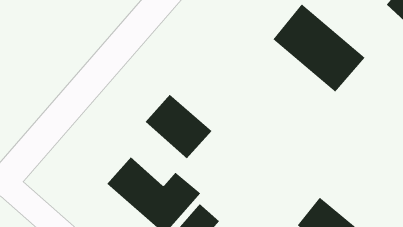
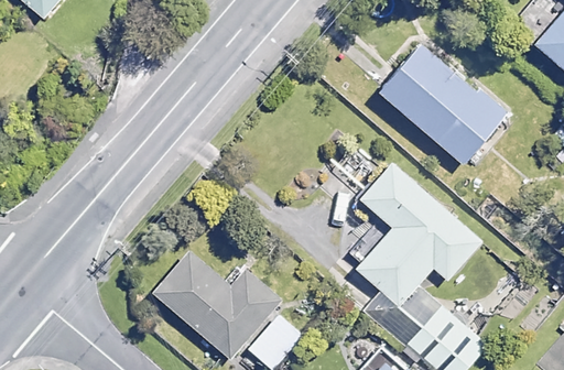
building: none -> [355,161,481,308]
building: [145,94,212,159] -> none

